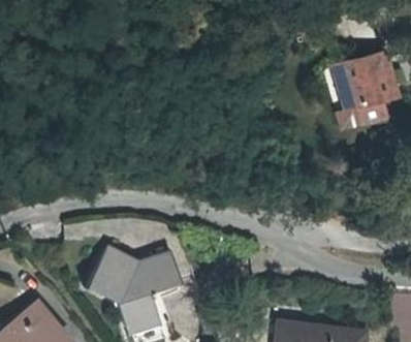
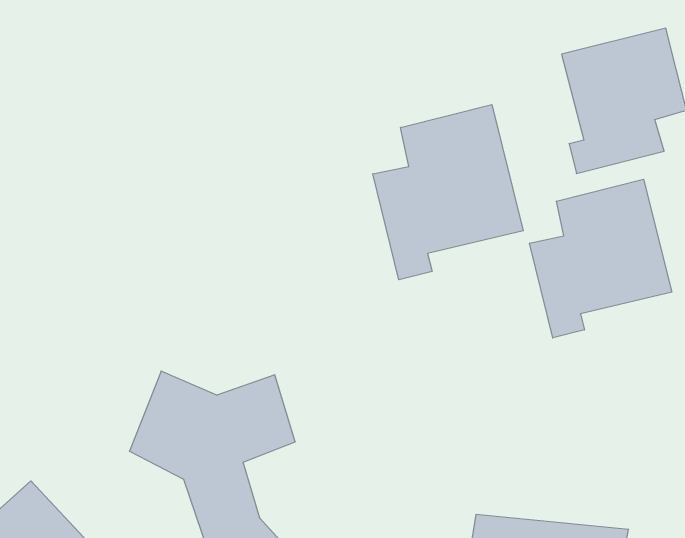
building: none -> [373,105,523,280]
building: none -> [530,179,672,338]

